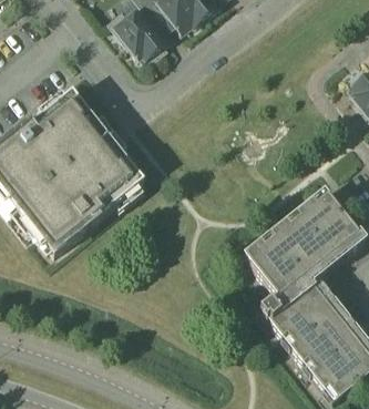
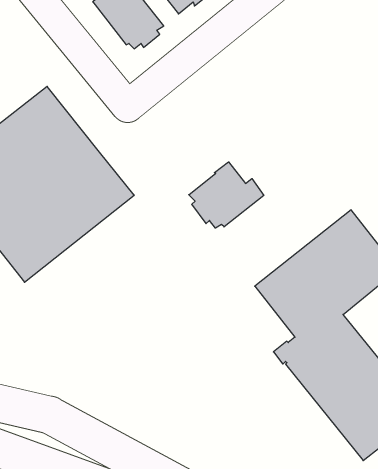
building: none -> [189,162,264,228]

